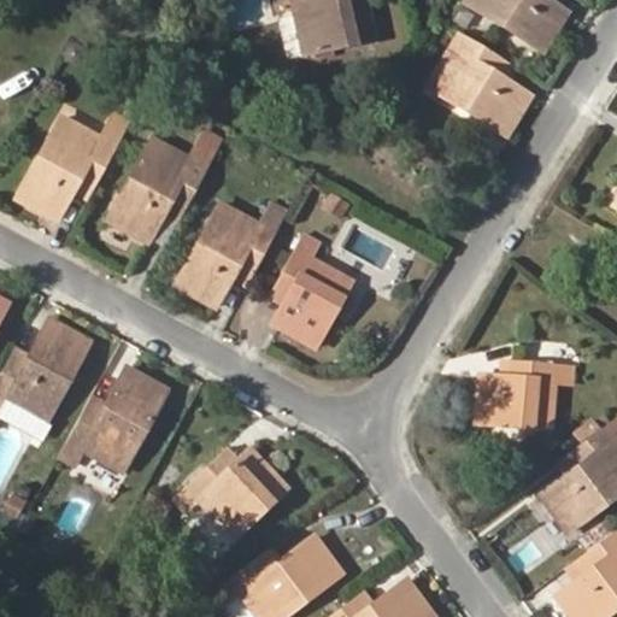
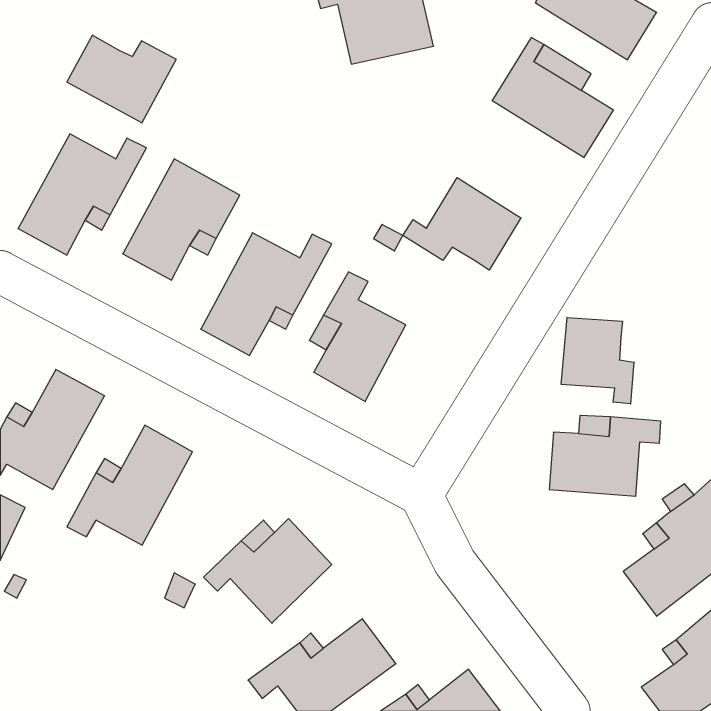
building: none -> [67,35,176,123]
building: none -> [403,178,521,270]
building: none -> [561,317,634,404]

